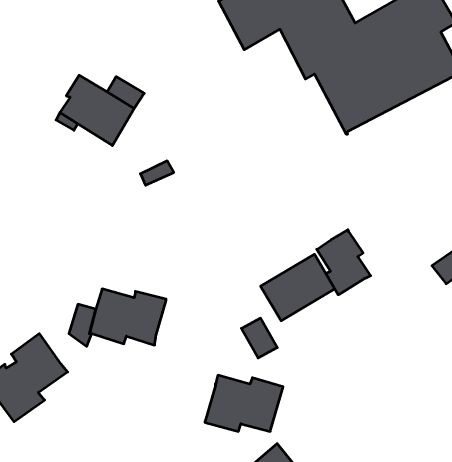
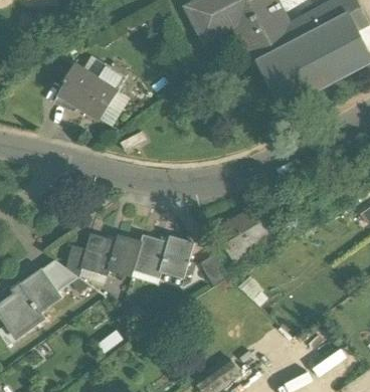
building: [317,230,371,295] -> none
building: none -> [41,259,78,291]
building: [205,375,283,431] -> [133,233,194,277]

